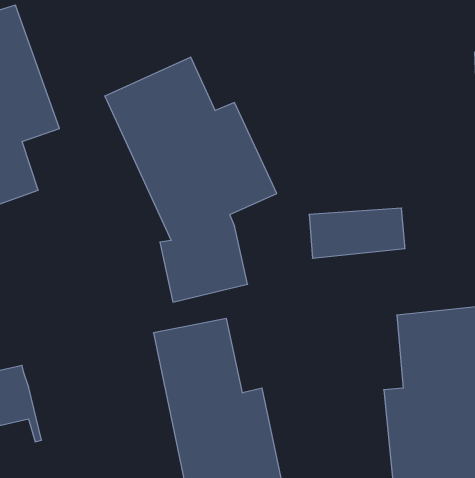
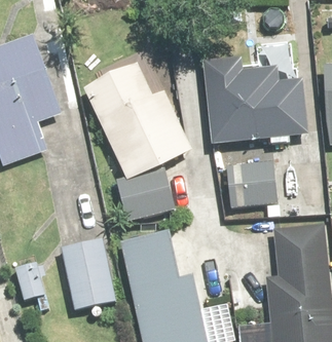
building: none -> [201,55,306,144]
building: none -> [61,238,116,308]

